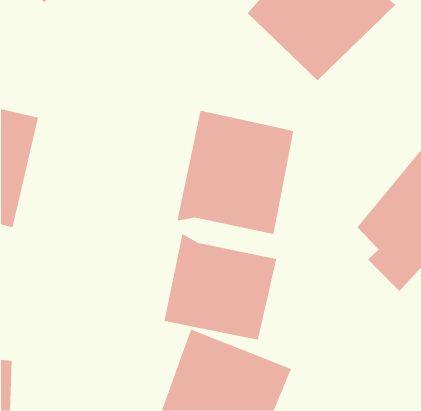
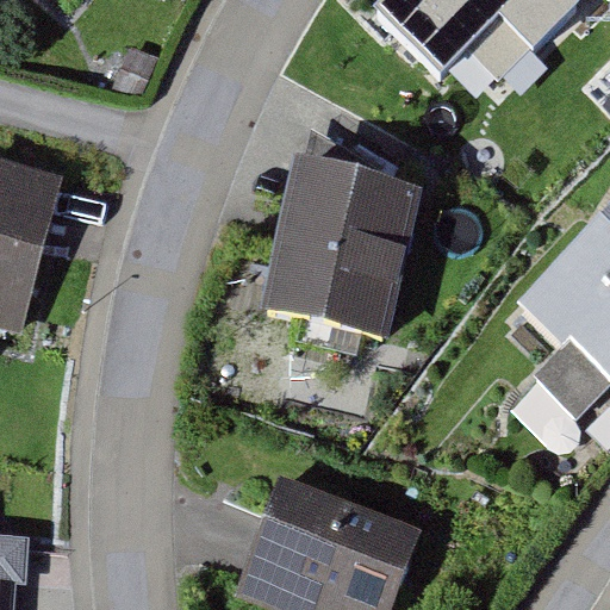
building: [164,233,277,340] -> none

